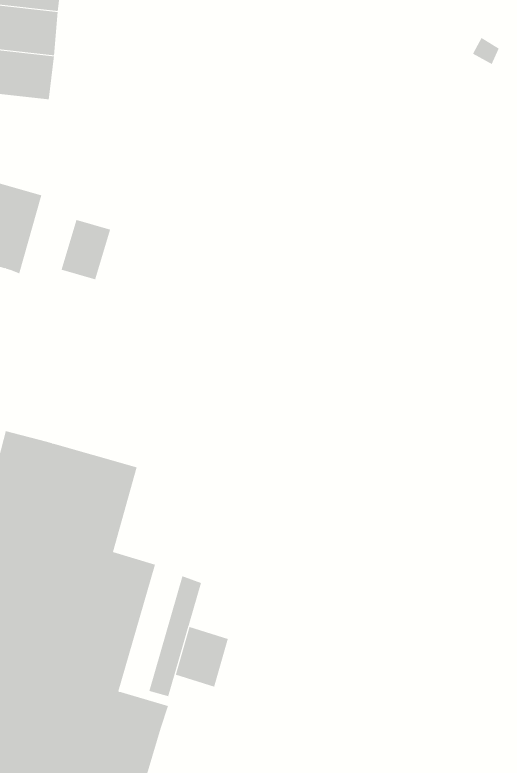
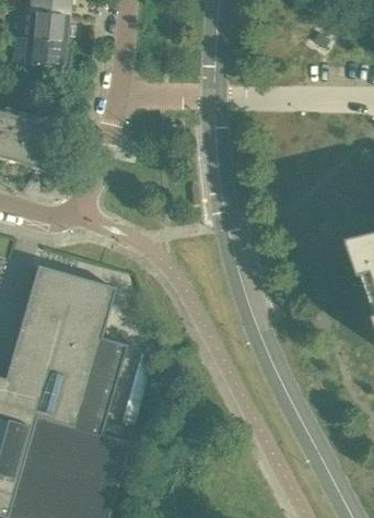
building: [61,219,111,280] -> none
building: [175,626,228,687] -> none

